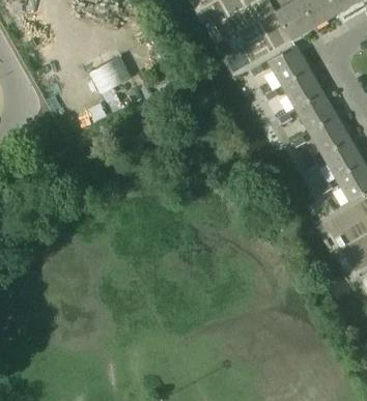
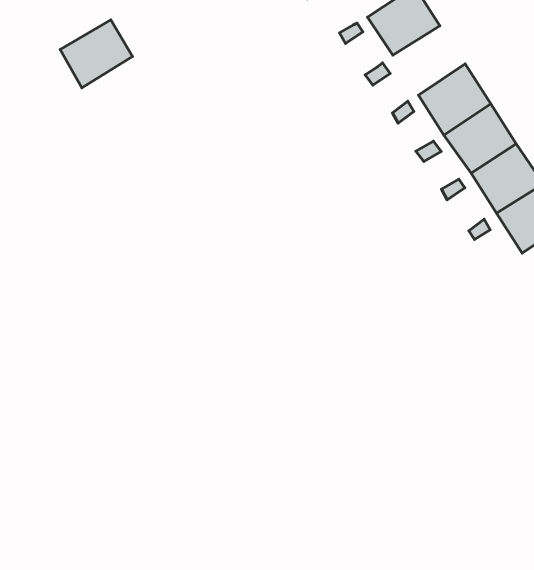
building: [281,68,322,108] -> none

